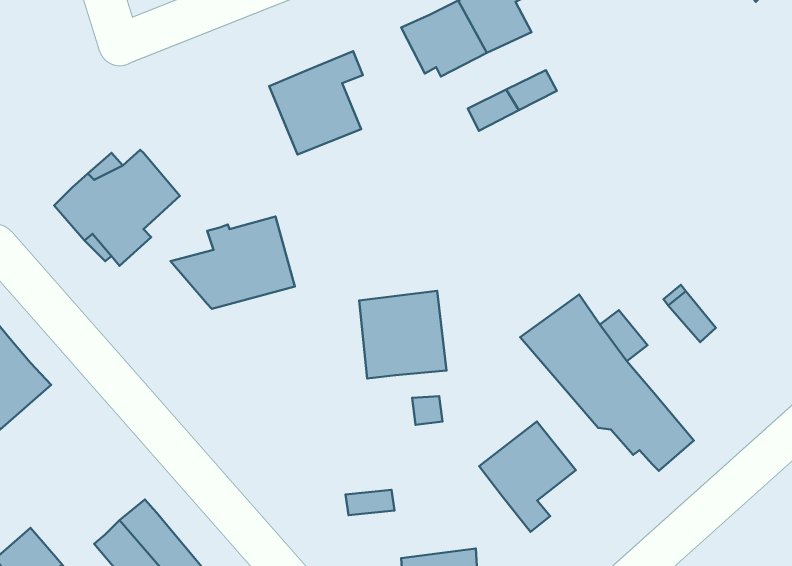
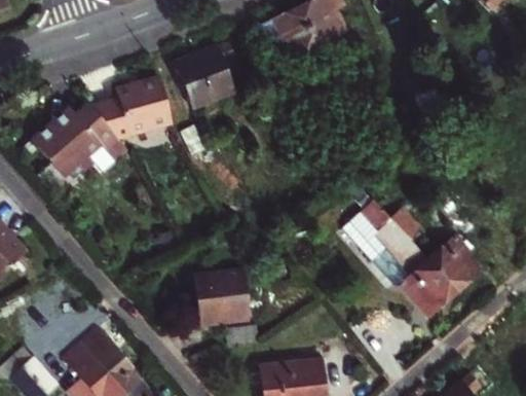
building: [171,217,295,309] -> [95,78,175,138]
building: [359,291,447,378] -> [192,269,249,326]
building: none -> [424,240,474,293]
building: [479,421,576,532] -> none

